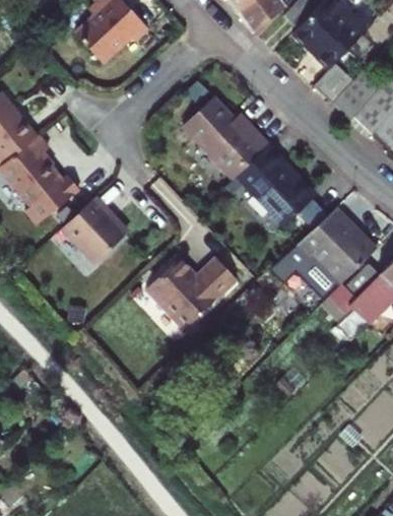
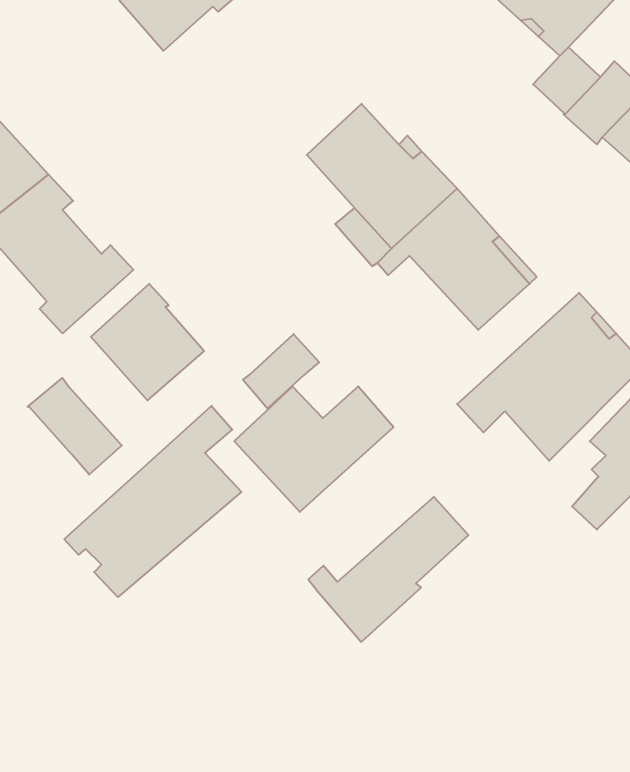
building: none -> [243,334,319,409]
building: none -> [28,378,122,475]
building: none -> [64,406,241,597]
building: none -> [308,497,468,642]

